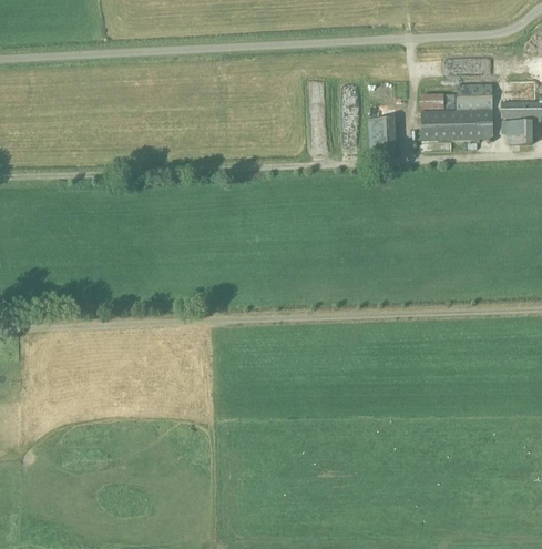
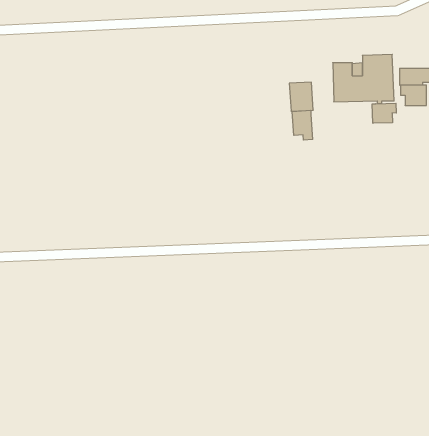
building: none -> [372,103,396,123]
building: none -> [292,110,313,140]

